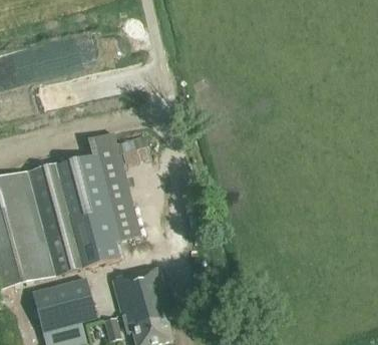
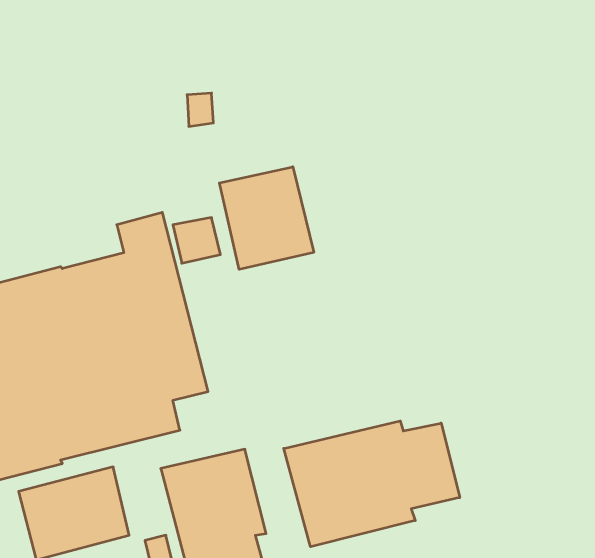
building: none -> [219,167,314,269]
building: none -> [284,421,460,547]

